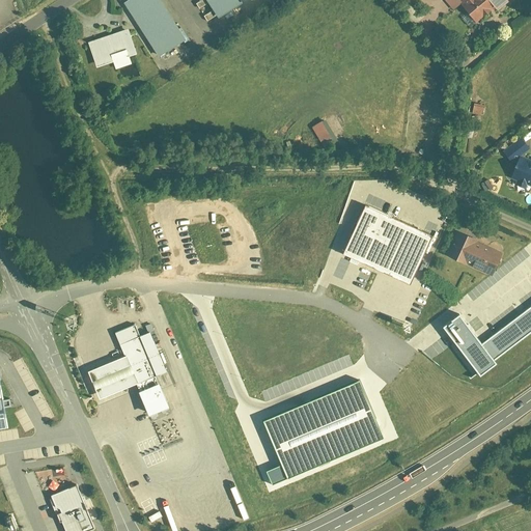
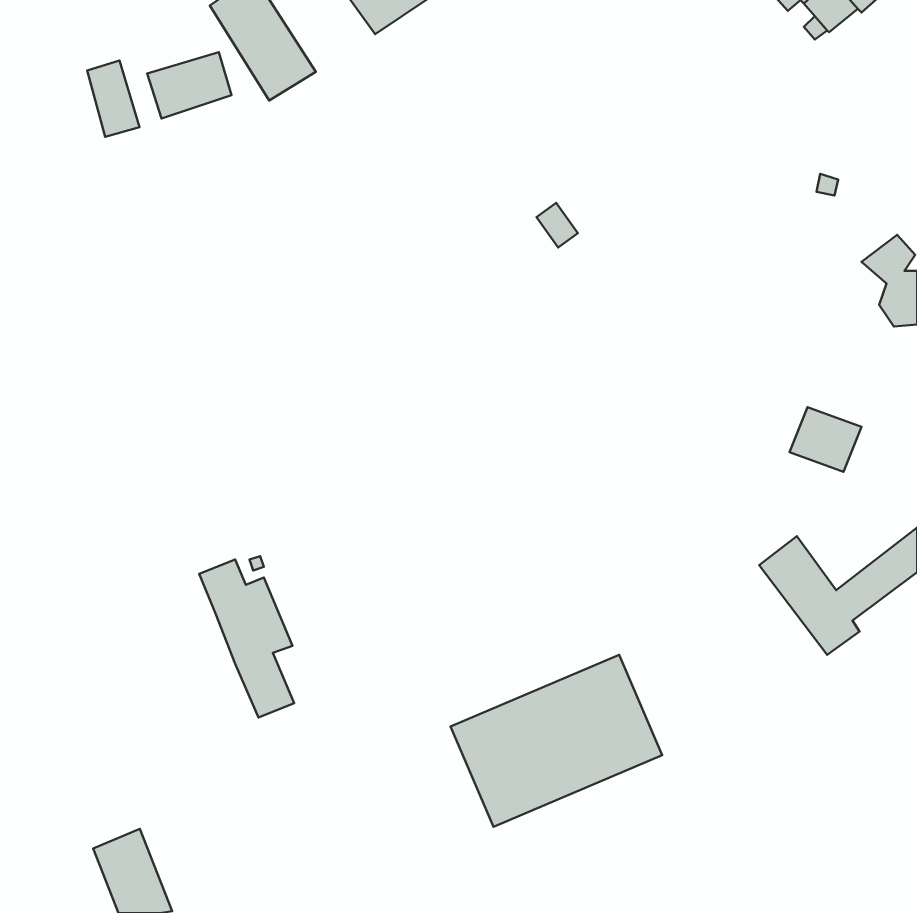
building: none -> [87,60,139,137]
building: [341,204,432,285] -> none
building: [89,355,136,398] -> none

